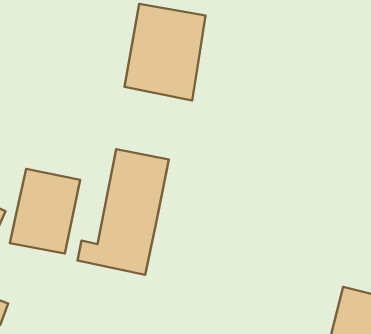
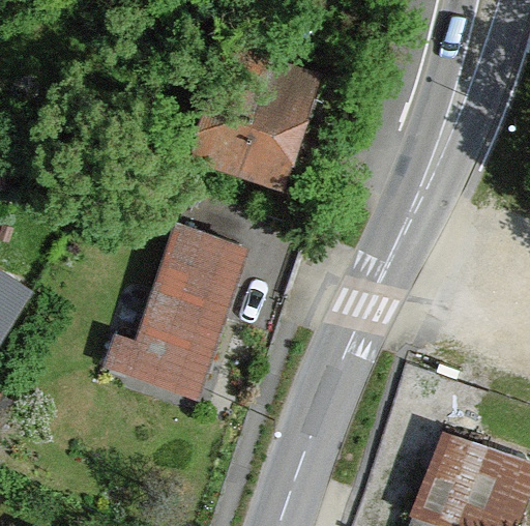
building: [10,169,80,253] -> none

